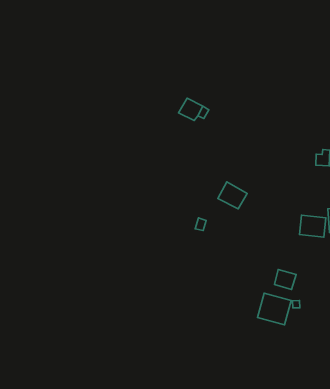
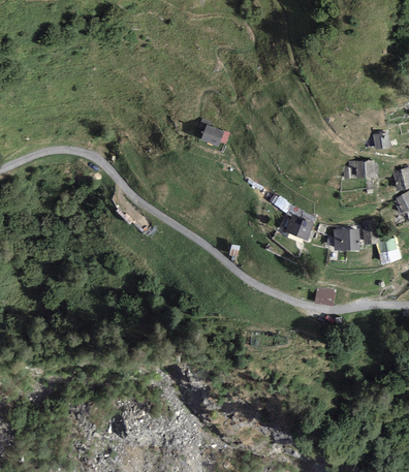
building: [218,182,247,209] -> [285,214,314,240]
building: [257,293,291,325] -> none

